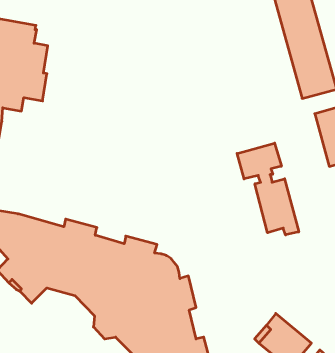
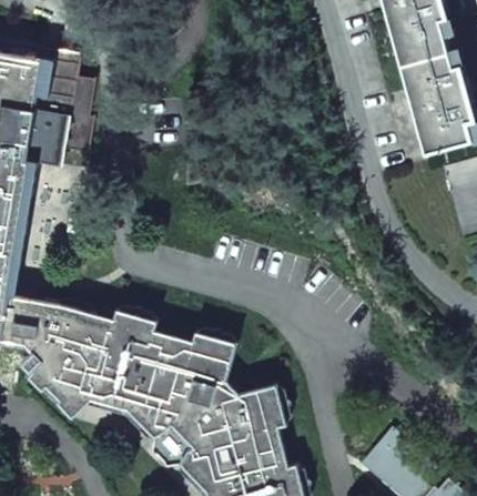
building: [237,143,299,235] -> none

